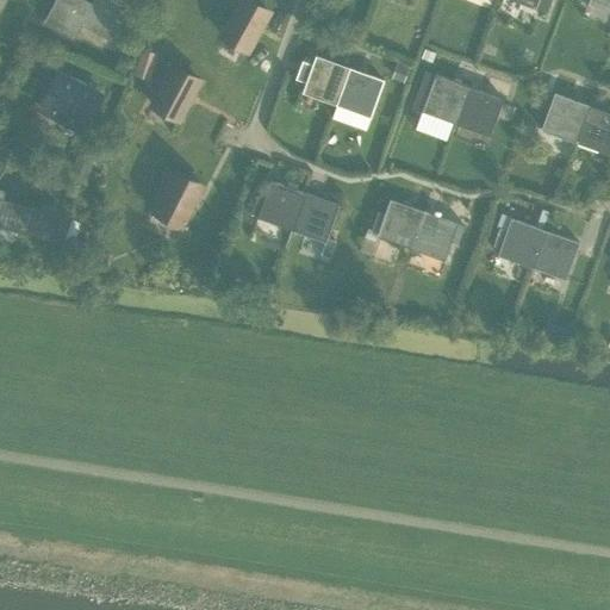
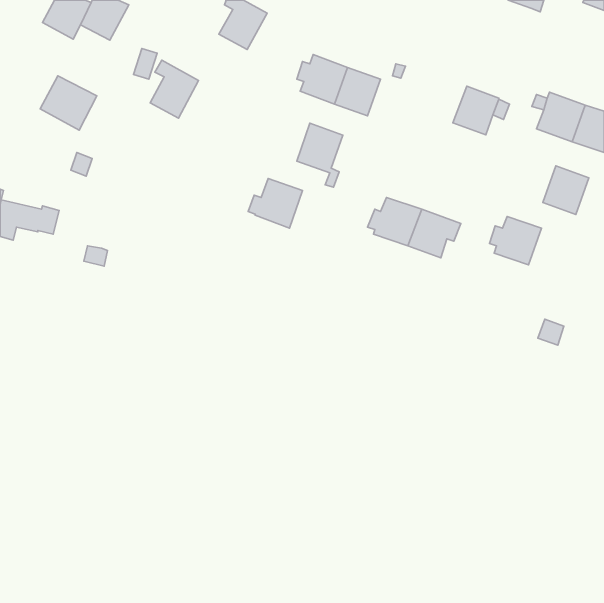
building: [412,71,471,125] -> none
building: [154,169,201,226] -> none
building: [292,193,338,257] -> [297,123,343,187]
building: [533,231,579,280] -> [543,166,589,214]

